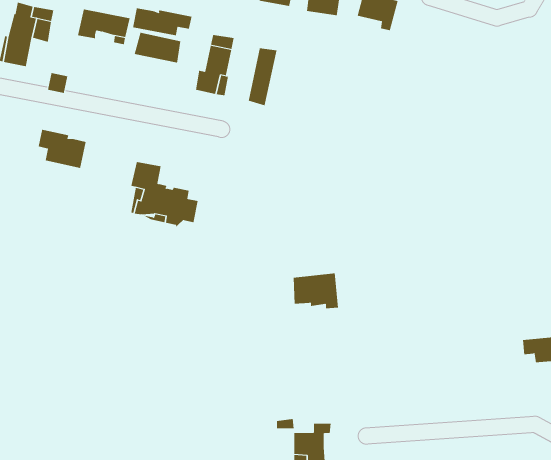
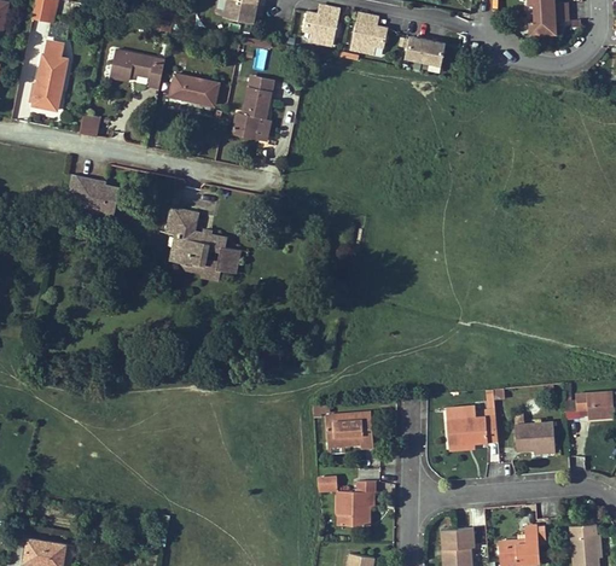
building: [133,8,192,36] -> none
building: [248,47,277,106] -> none
building: [293,273,339,309] -> [325,412,373,449]
building: none -> [446,416,496,445]
building: none -> [513,422,554,450]

